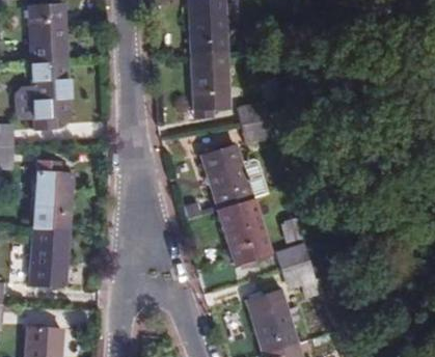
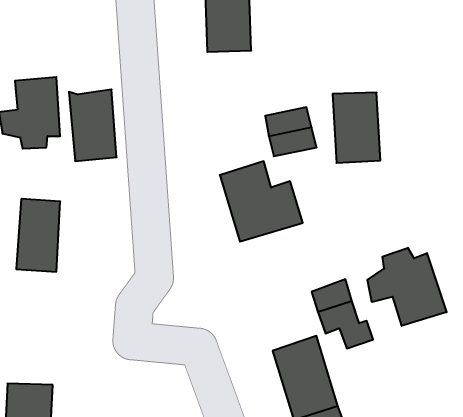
building: [27,18,66,77] -> [69,89,117,161]
building: [191,52,230,110] -> [333,93,380,163]
building: [218,199,268,259] -> none
building: none -> [367,248,447,326]
building: [31,232,66,285] -> none

